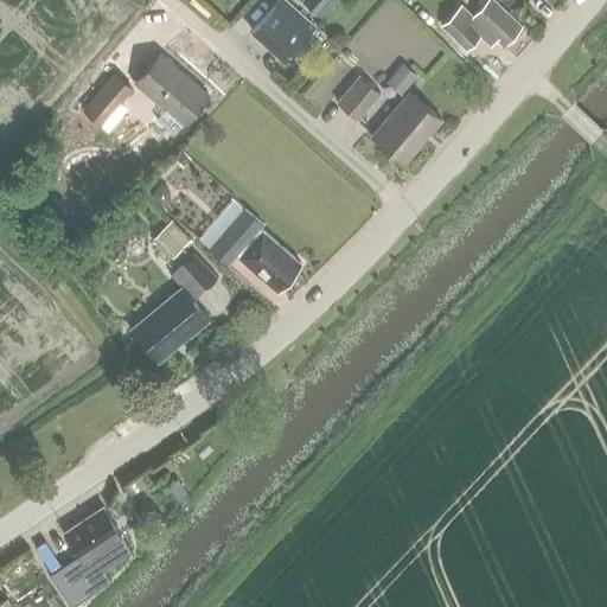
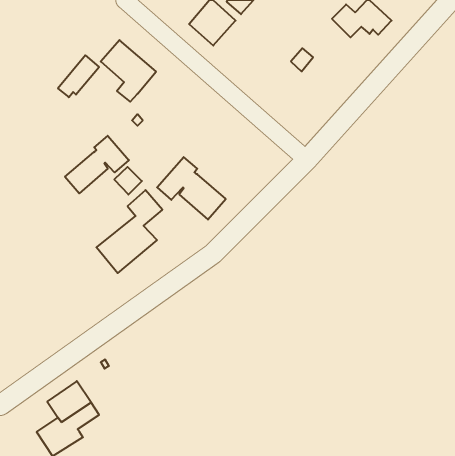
building: [338,77,382,121] -> none
building: [373,95,441,165] -> none
building: none -> [65,136,129,193]

